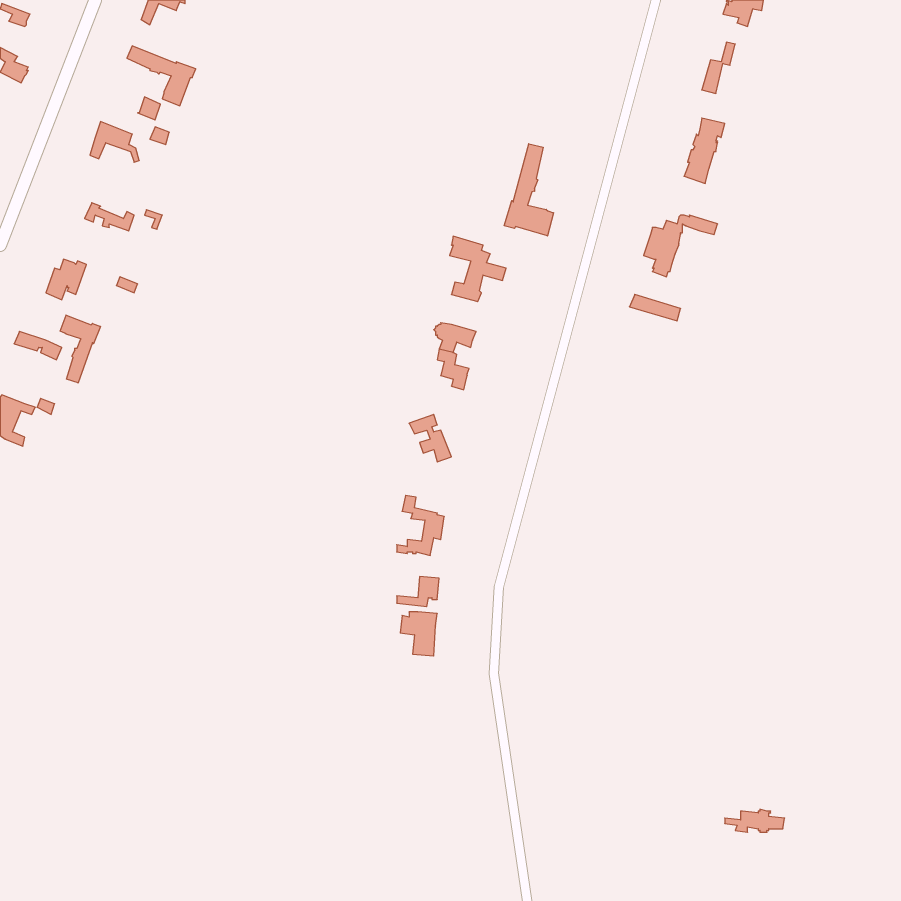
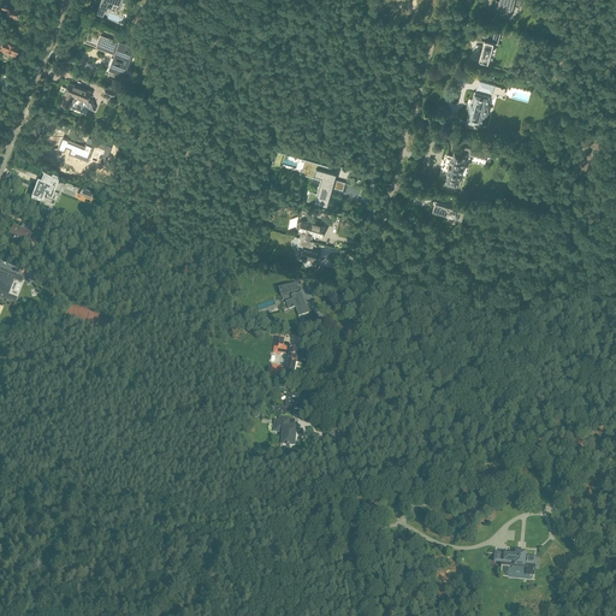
building: [504,144,554,236] -> none
building: [60,315,100,383] -> none

